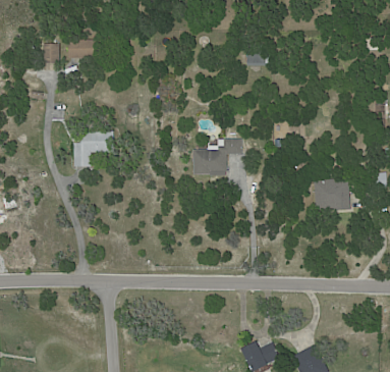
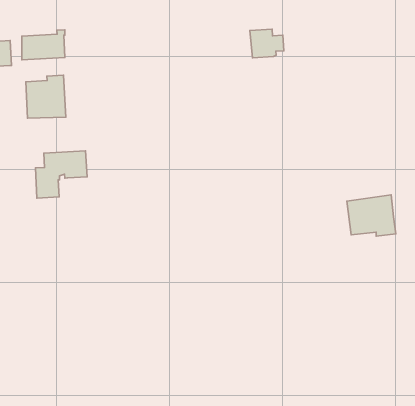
building: none -> [26,75,66,118]
building: [192,139,241,174] -> none

